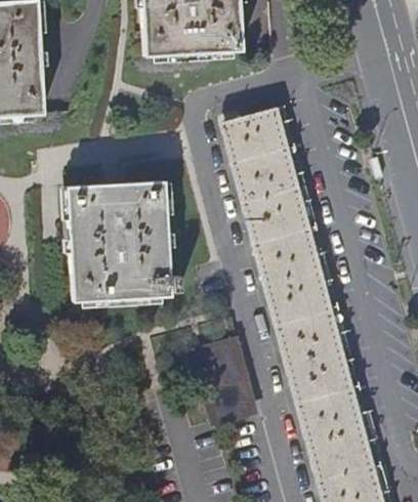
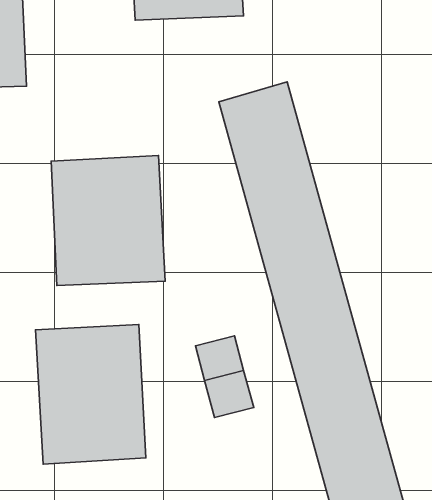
building: none -> [35,325,146,464]

